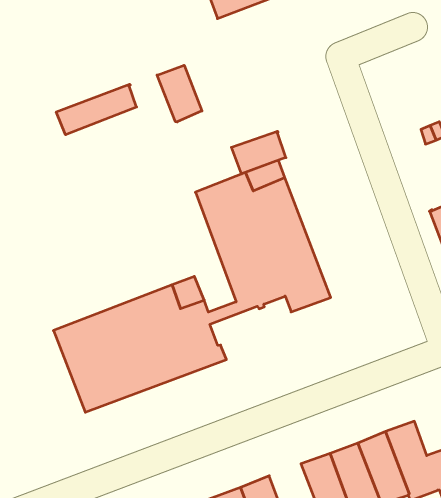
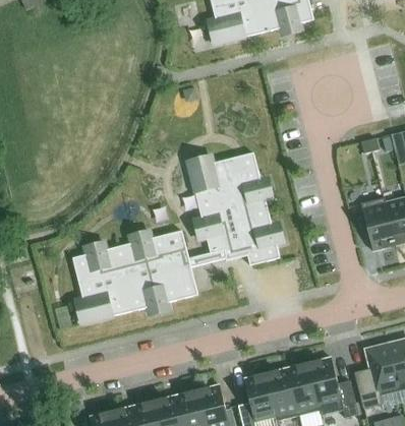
building: [157,65,202,122] -> none
building: [56,84,137,135] -> none
building: [231,131,286,174] -> none

